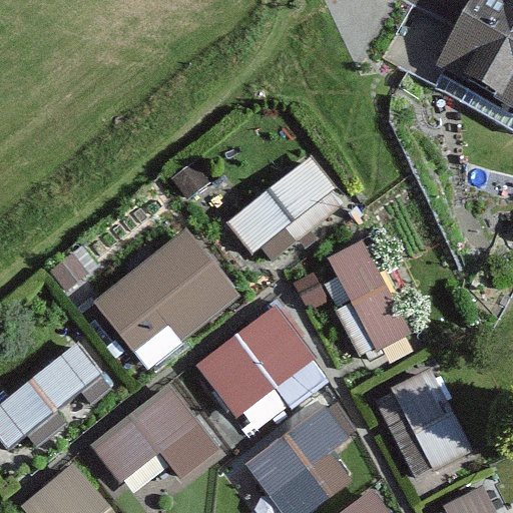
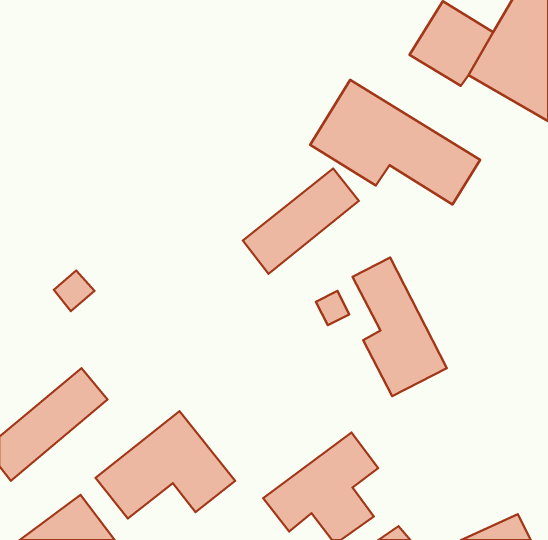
building: none -> [310,80,480,205]
building: [94,230,239,371] -> none
building: [198,307,315,417] -> none
building: [376,368,474,480] -> none

